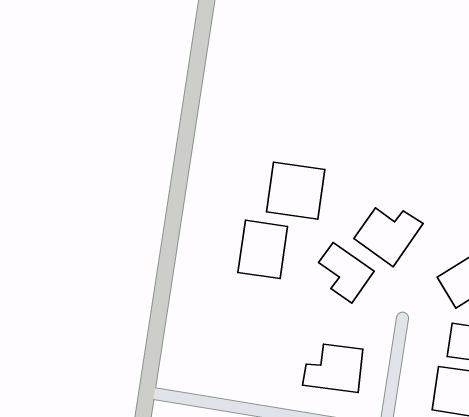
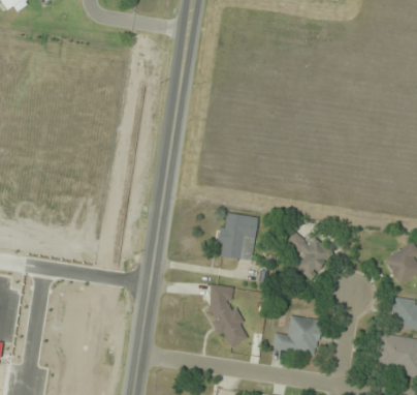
building: [267,162,325,219] -> none
building: [354,208,423,267] -> none
building: none -> [211,285,243,342]

